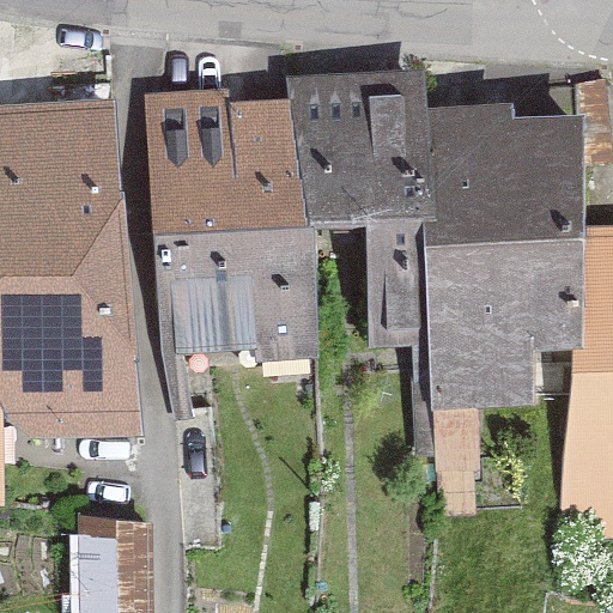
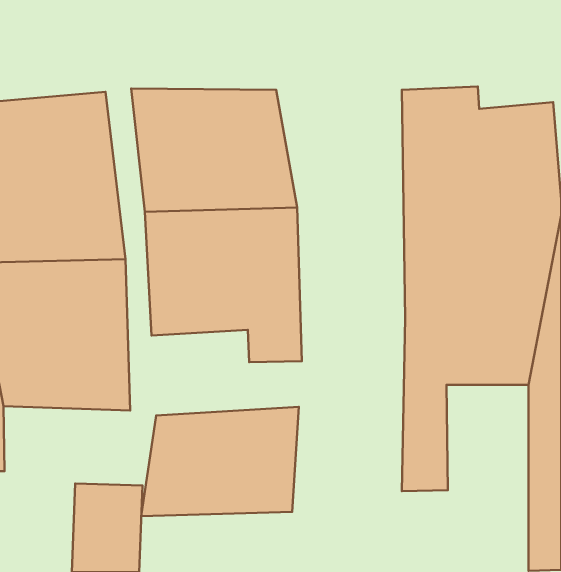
building: [291,67,432,342] -> none
building: none -> [141,407,299,516]

